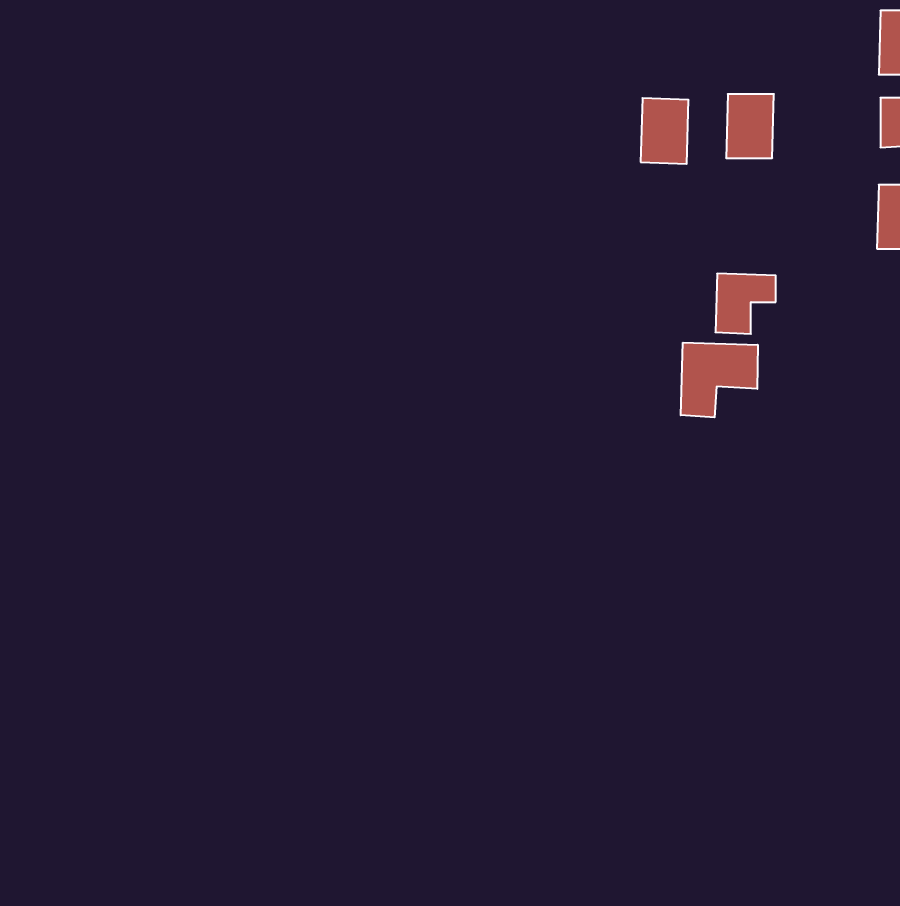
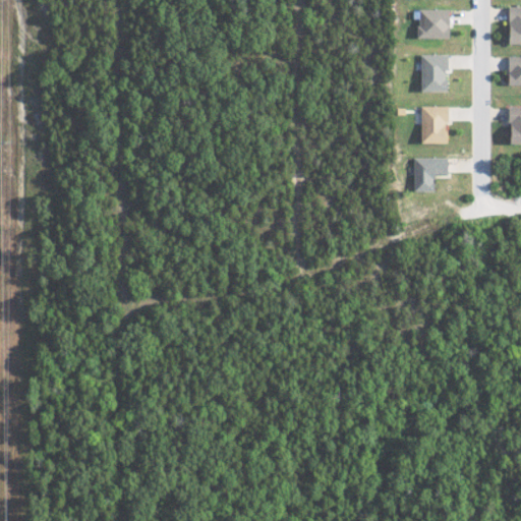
building: none -> [418,10,450,39]
building: [641,98,689,164] -> [420,106,448,143]
building: [681,343,758,417] -> none

